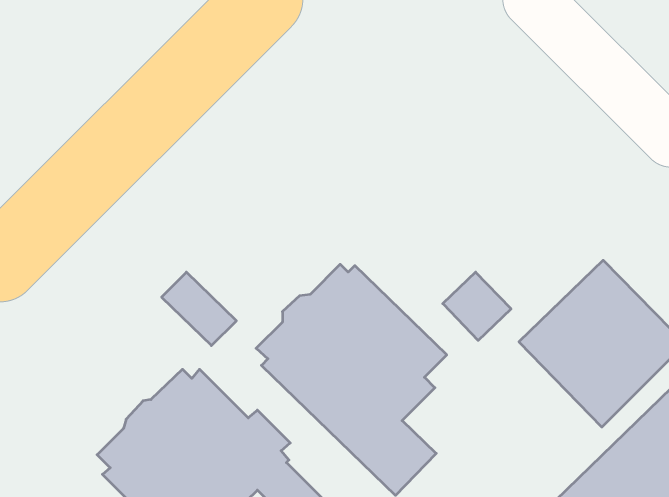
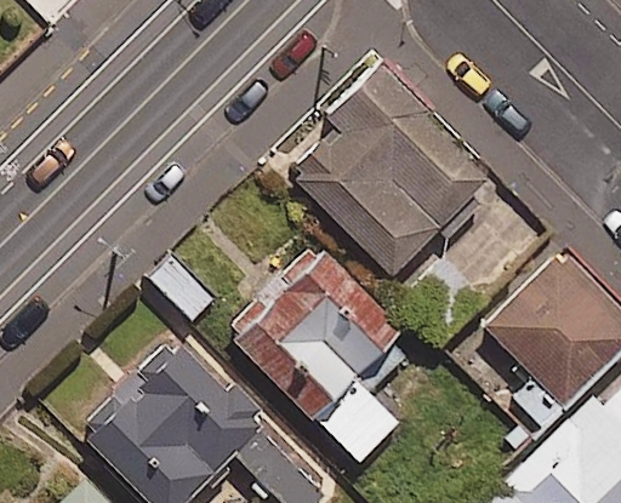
building: none -> [300,65,495,285]

